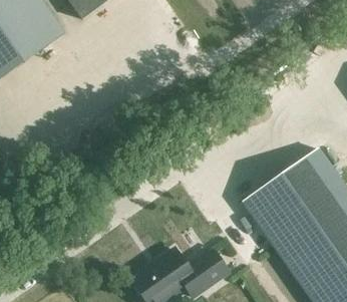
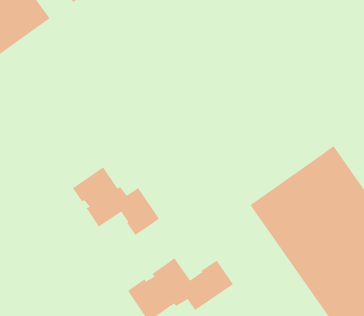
building: none -> [72,167,160,236]

